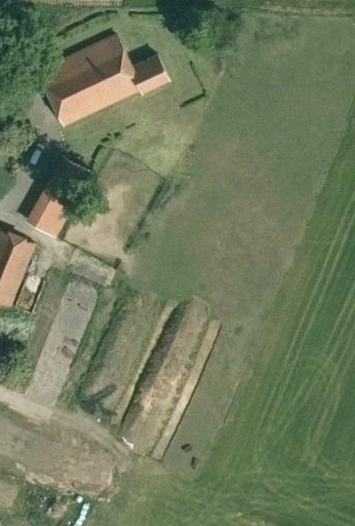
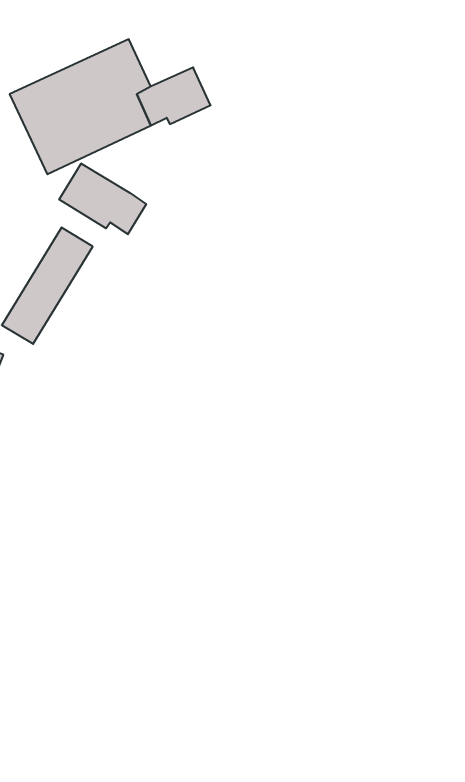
building: none -> [59,163,146,234]

